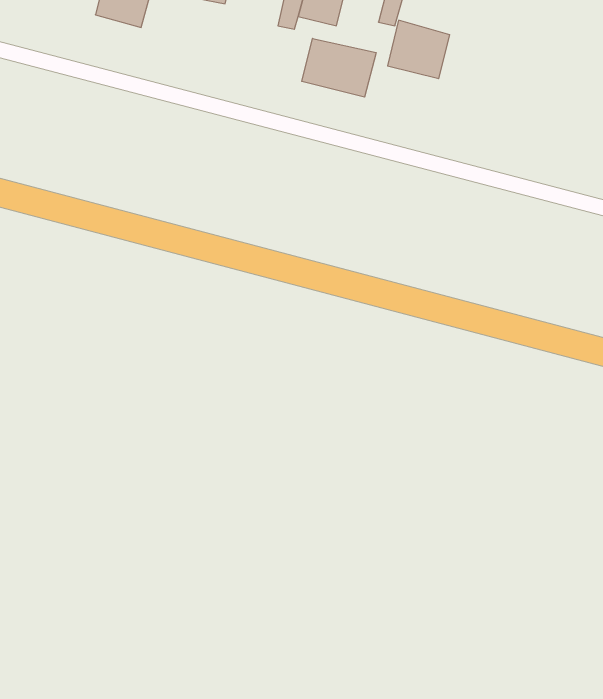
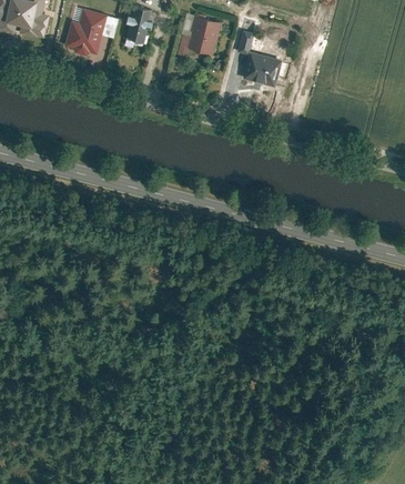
building: [302,38,376,97] -> none

